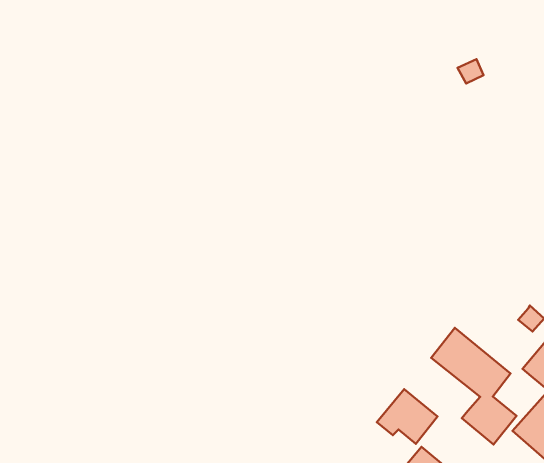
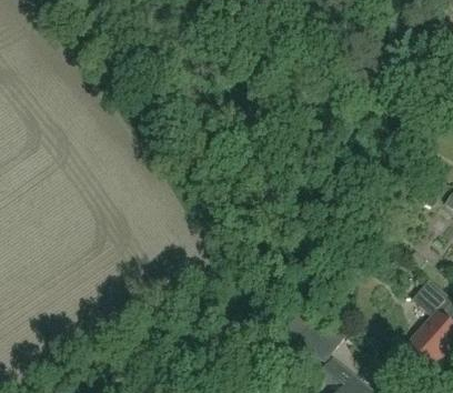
building: [431,328,516,445] -> none

